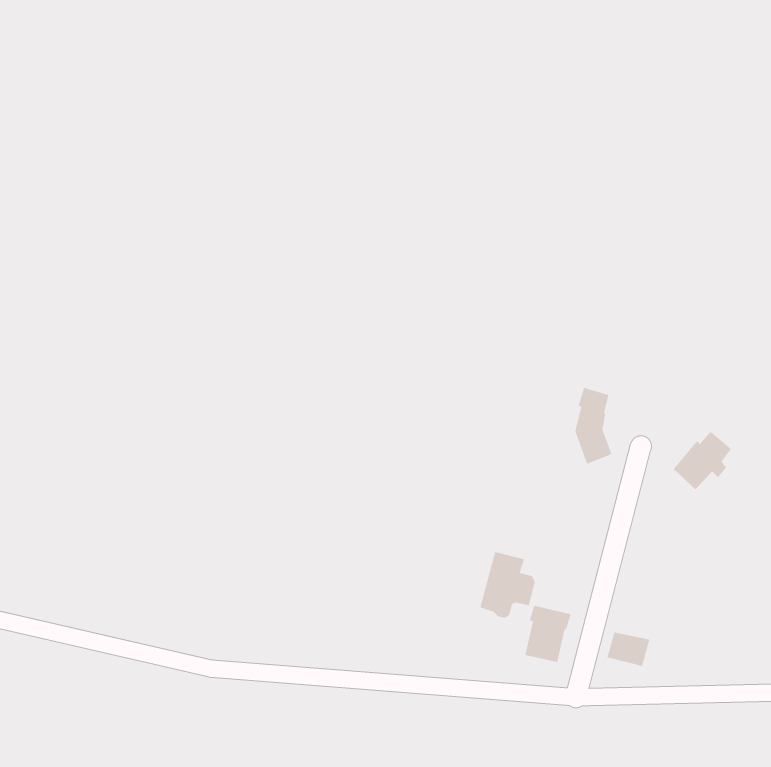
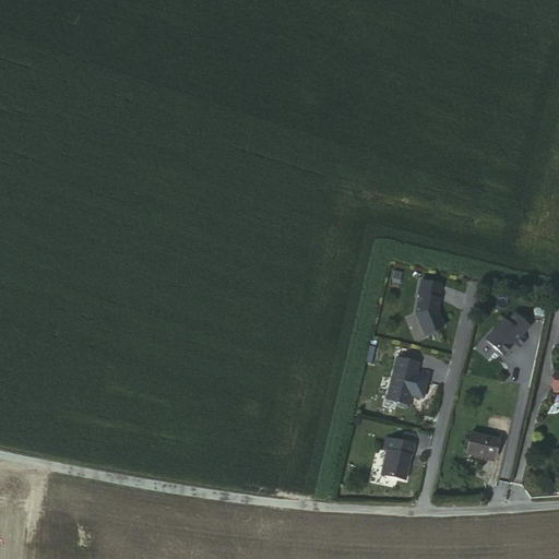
building: [480,552,535,618] -> [386,357,427,405]
building: [606,632,650,667] -> [467,430,499,455]

